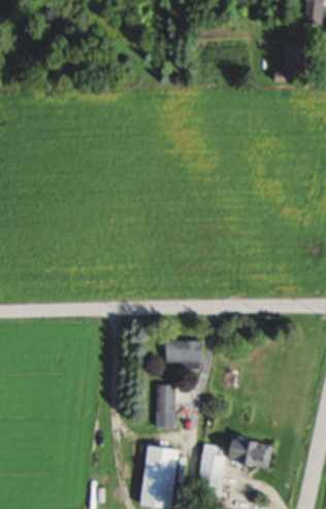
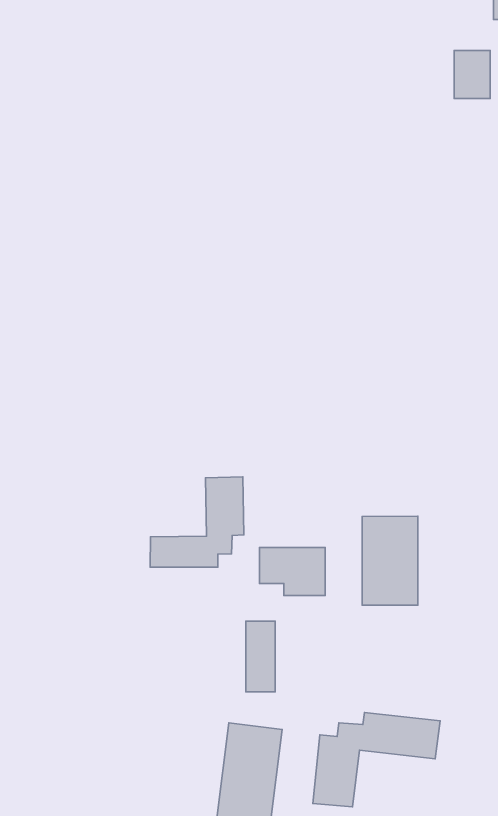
building: none -> [150,477,244,567]
building: none -> [362,516,418,605]

